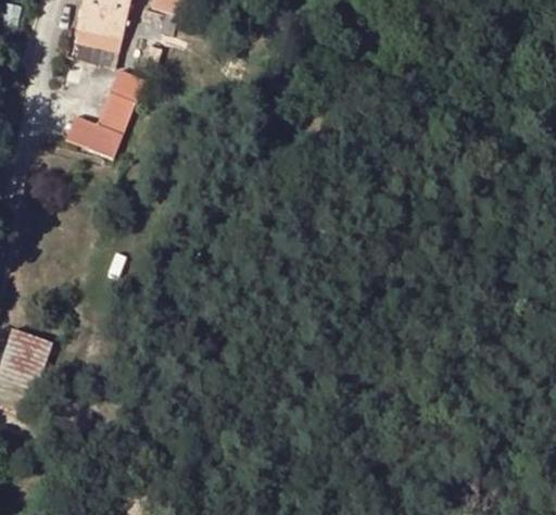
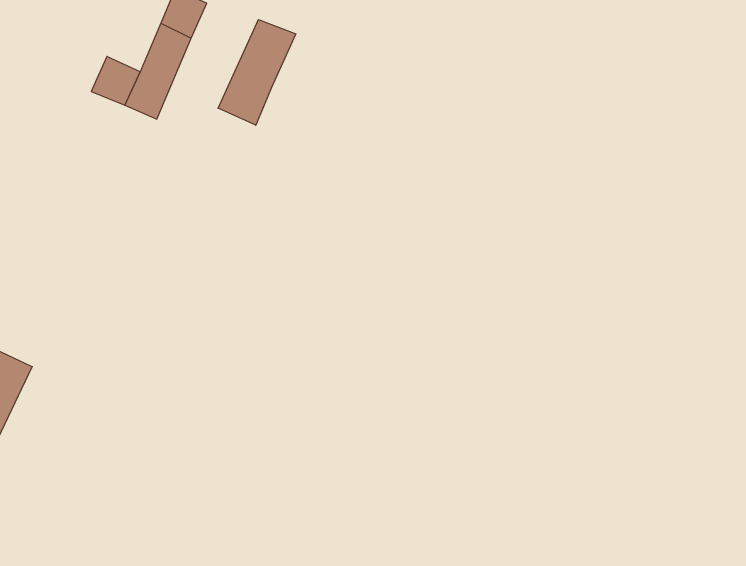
building: none -> [218,20,296,125]

